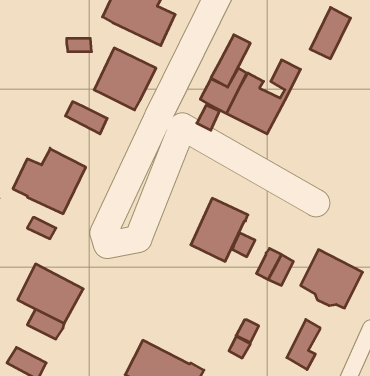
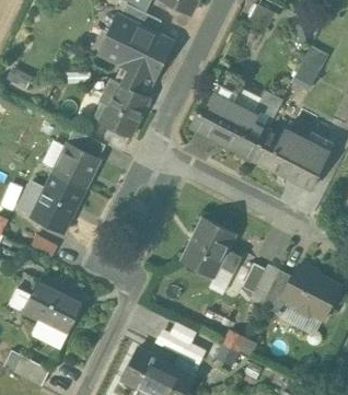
building: none -> [114,65,152,96]
building: none -> [251,129,330,190]
building: none -> [51,143,100,189]
building: none -> [165,323,198,356]
building: [287,319,320,370] -> [260,270,291,316]

